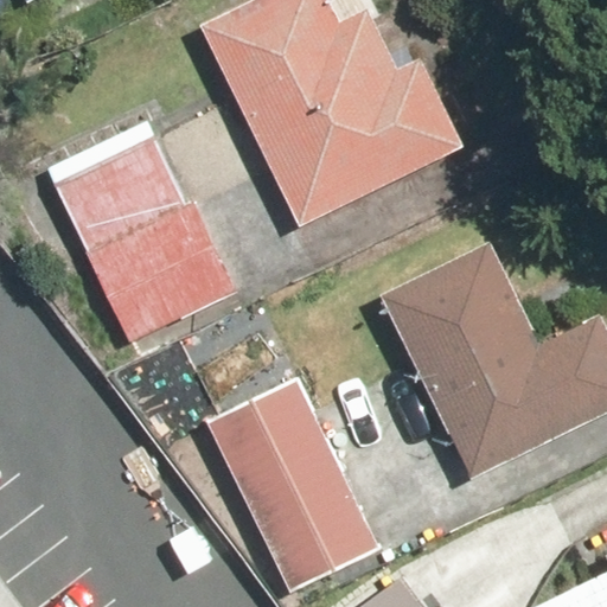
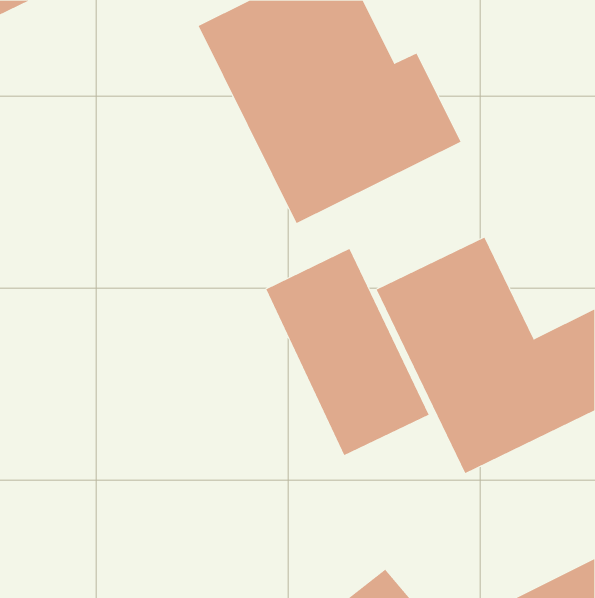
building: [47,122,234,345] -> none
building: [209,378,375,588] -> [265,248,429,456]

